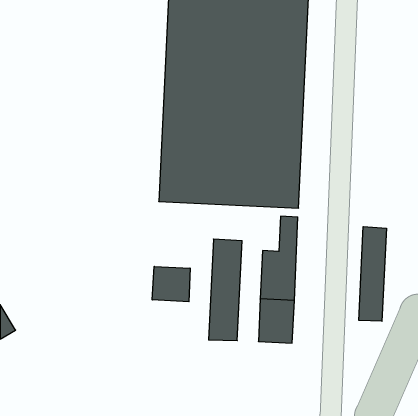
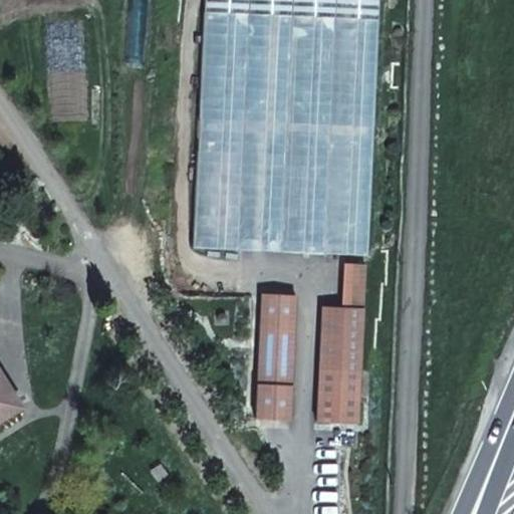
building: [359,227,386,321] -> none
building: [152,266,190,302] -> none

